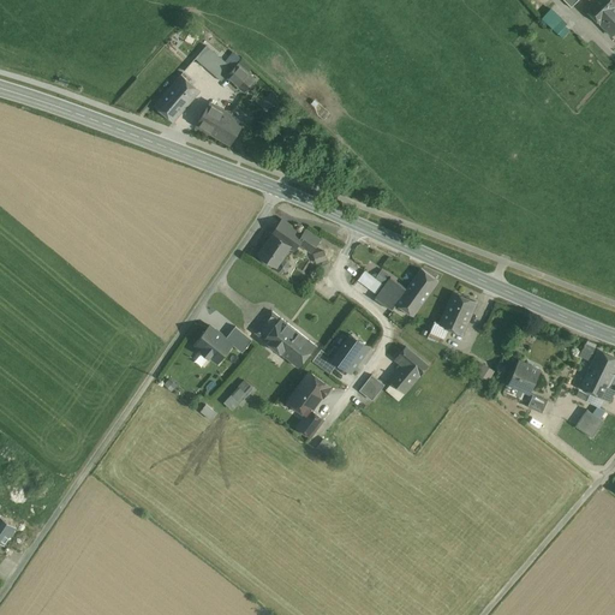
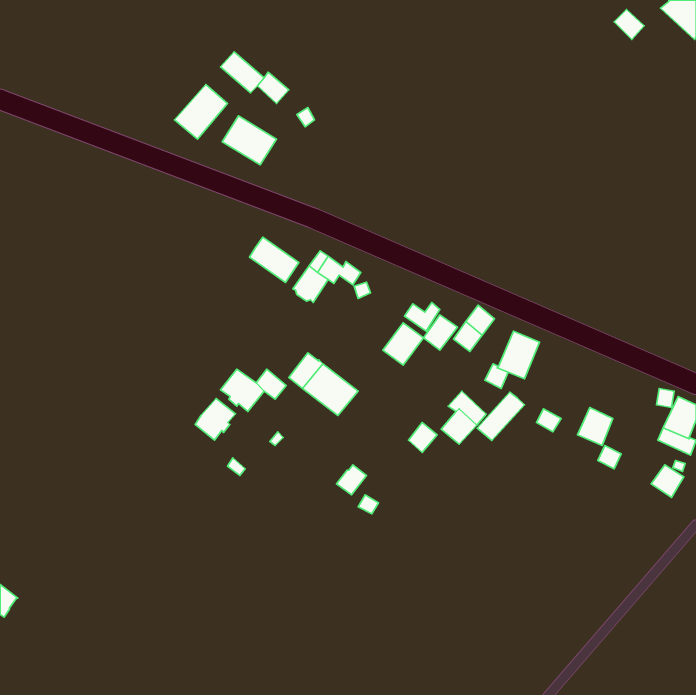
building: none -> [250,237,299,283]
building: [333,335,369,372] -> [383,323,424,365]
building: none -> [477,392,524,441]
building: none -> [195,399,235,440]
building: [288,375,330,416] -> none

